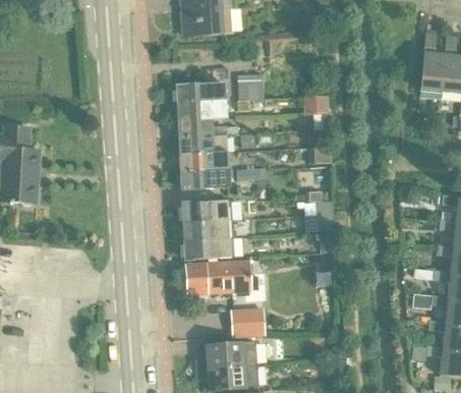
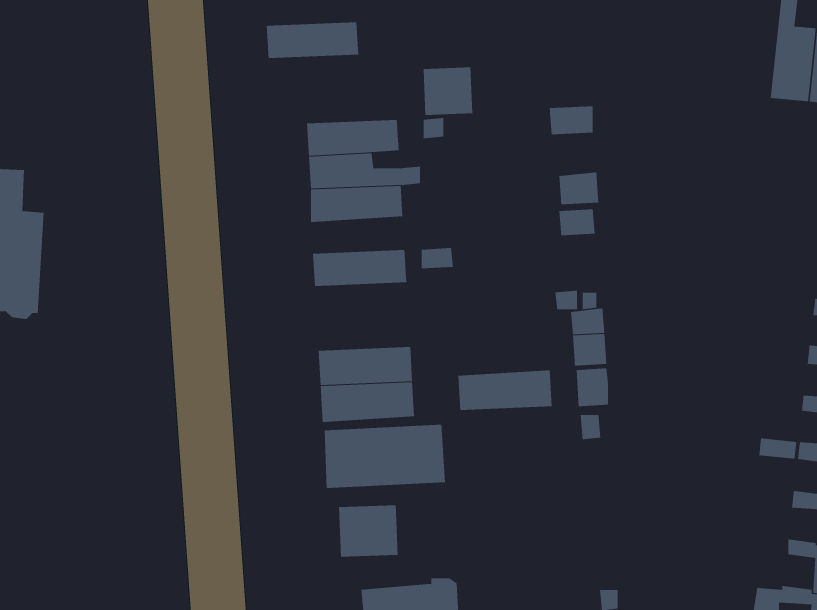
building: [176,83,225,103] -> [266,22,359,59]
building: [179,152,229,171] -> none
building: [182,201,232,222] -> [458,370,553,411]
building: [232,308,264,336] -> [338,505,398,557]

